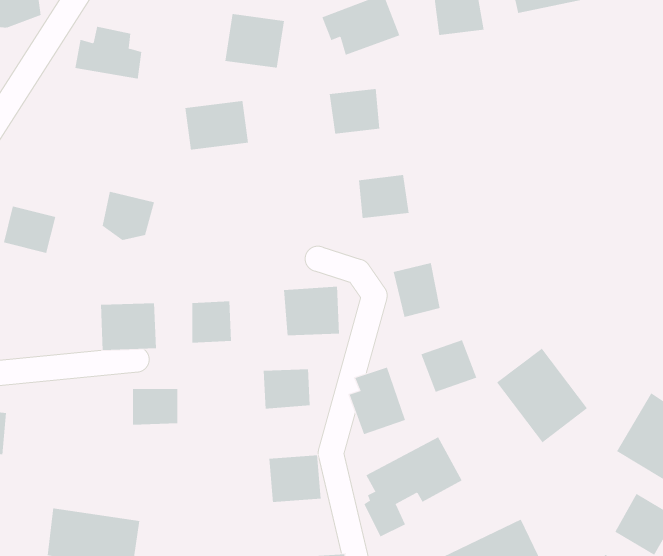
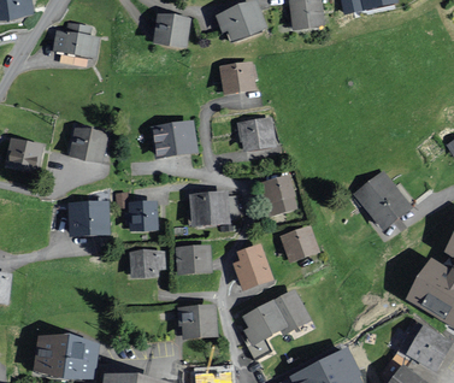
building: [185,101,249,150] -> [153,124,195,157]
building: [496,348,588,443] -> [353,169,413,231]
building: [132,389,178,425] -> [131,252,161,276]

